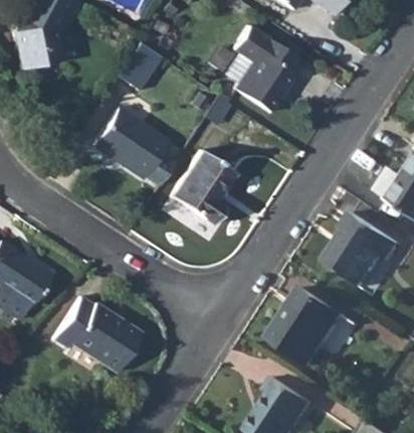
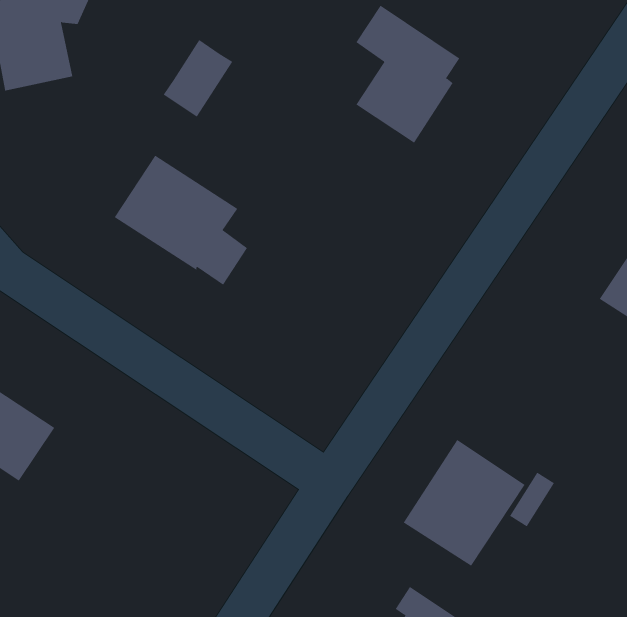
building: [167,154,230,229] -> none
building: [320,209,394,283] -> none
building: [50,301,140,379] -> none

